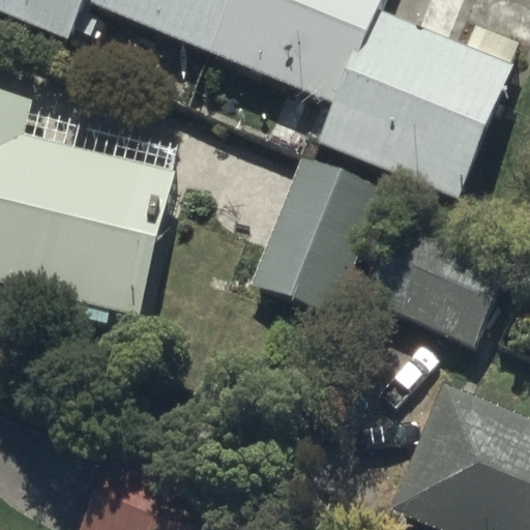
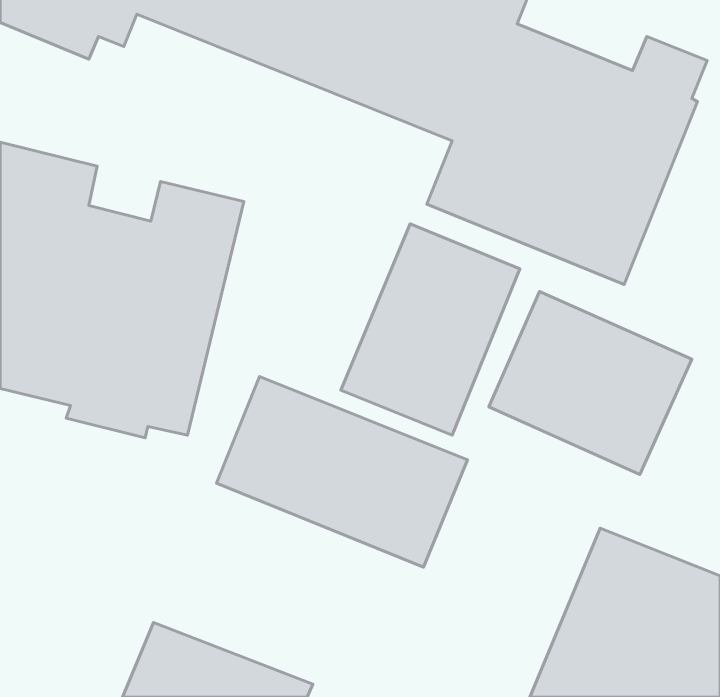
building: none -> [217,377,467,567]

